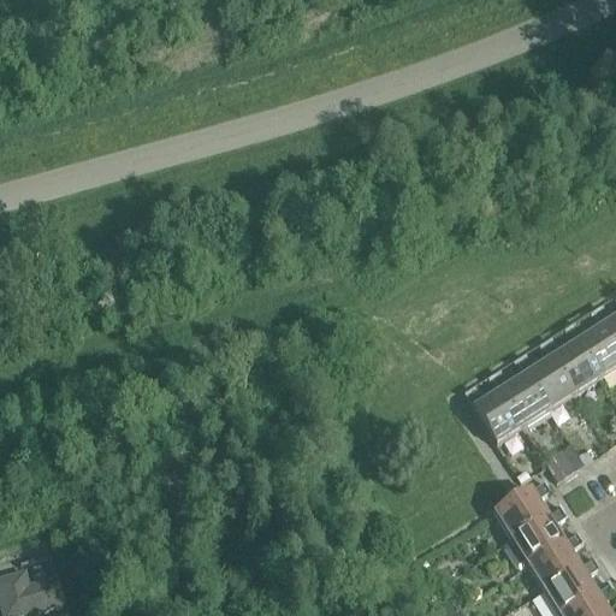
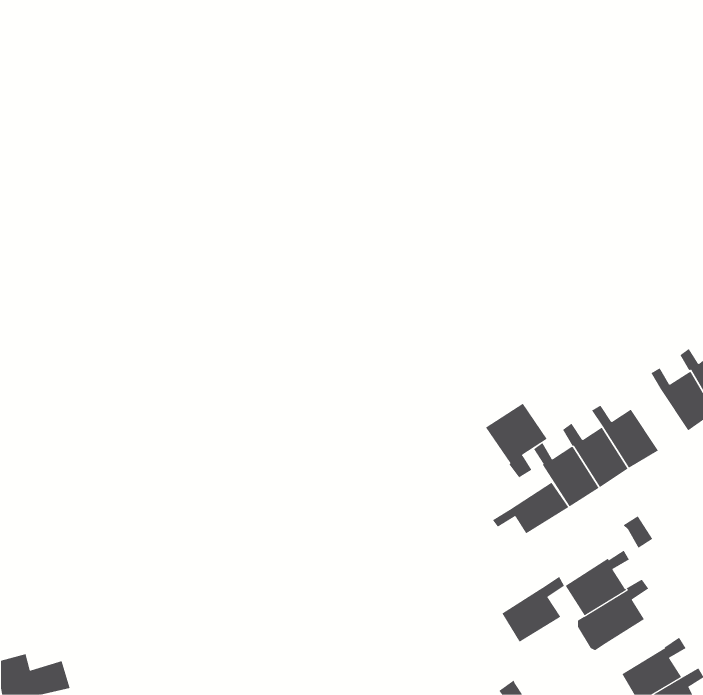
building: [543,336,602,392] -> none
building: none -> [485,403,548,478]
building: none -> [492,482,569,534]
building: [528,529,584,587] -> [501,576,565,642]

